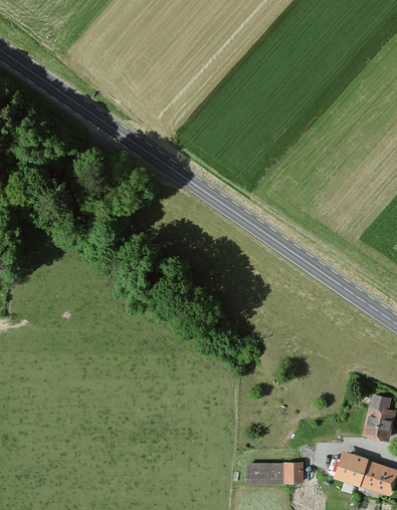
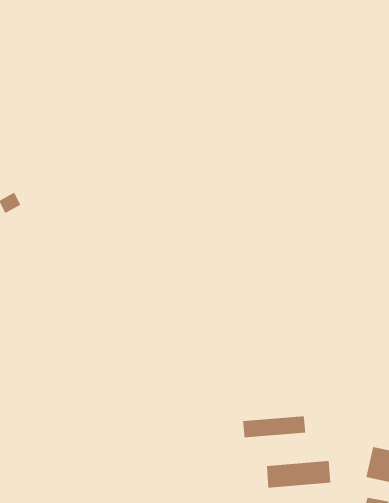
building: none -> [242,415,306,438]

